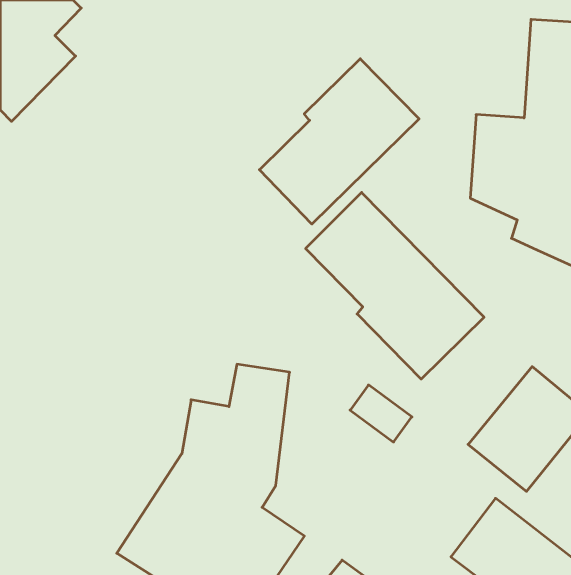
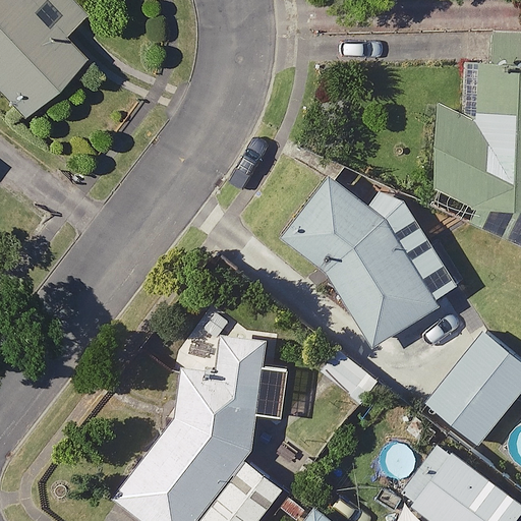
building: [259,59,419,224] -> none

